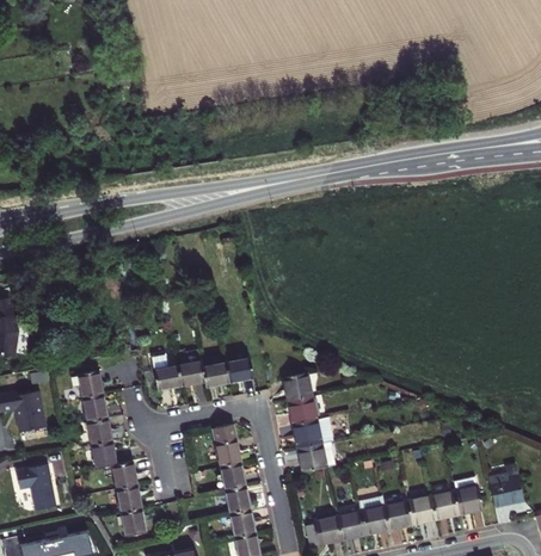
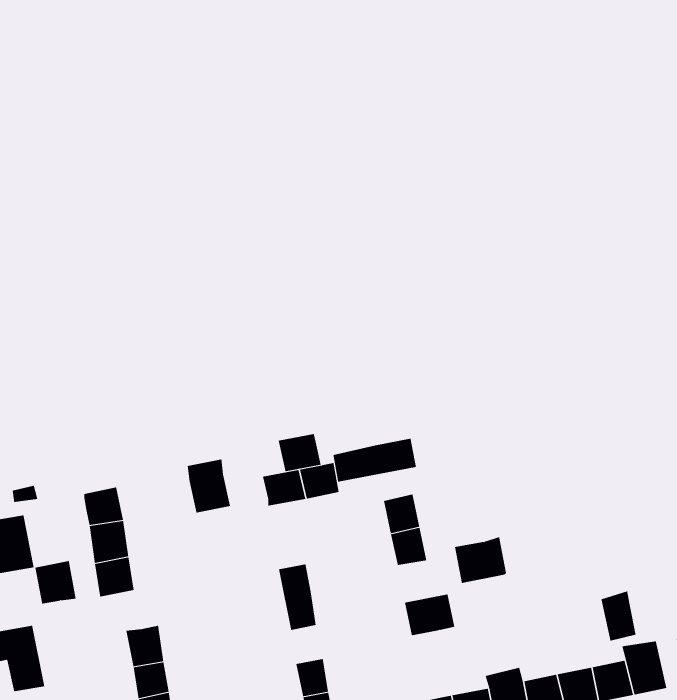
building: none -> [333,438,417,483]
building: [177,359,207,385] -> [278,433,322,472]
building: [295,419,331,451] -> [454,536,507,584]
building: [92,443,121,472] -> [35,560,77,604]
building: none -> [601,590,636,641]
building: [217,467,245,494] -> none

